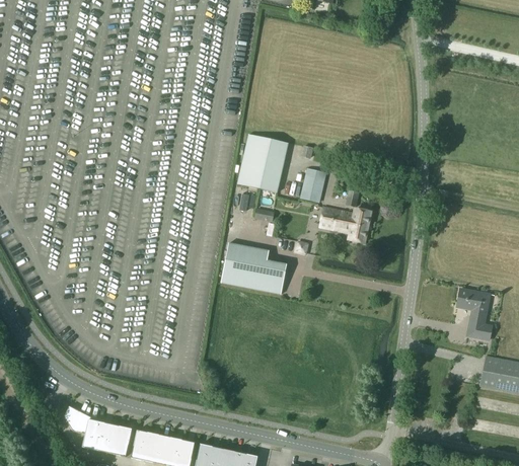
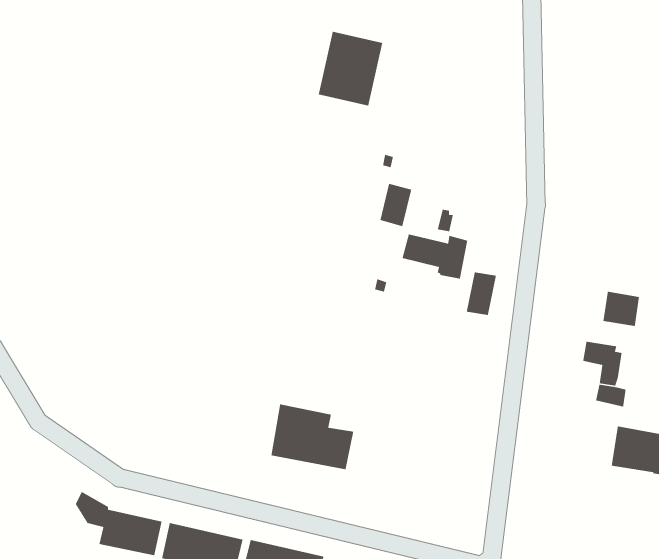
building: [237,134,288,192] -> [318,31,383,106]
building: none -> [466,272,497,316]
building: [221,242,286,294] -> [270,404,354,470]
building: none -> [603,291,640,327]

